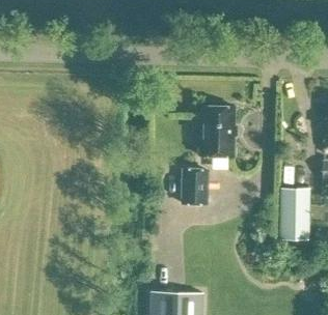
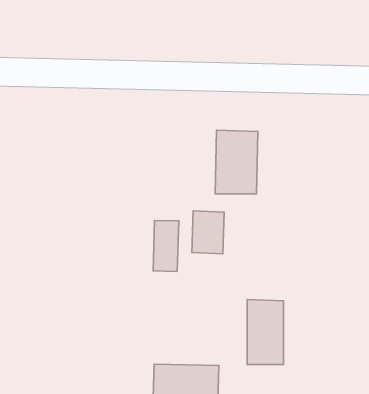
building: none -> [153,220,179,271]
building: [280,187,309,238] -> [247,300,284,365]

